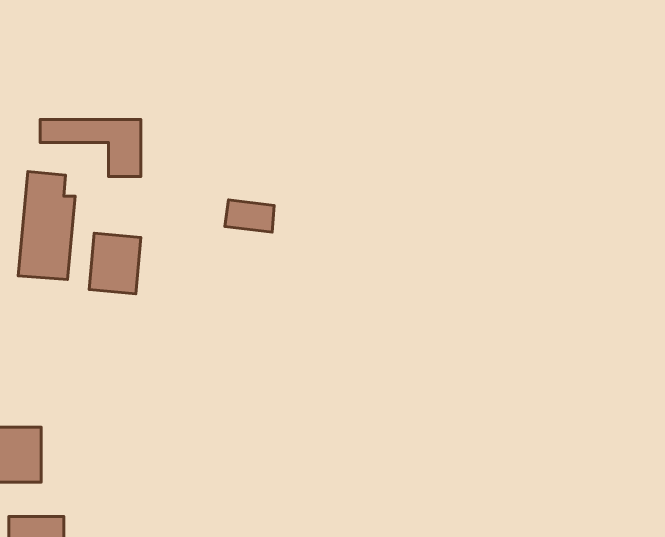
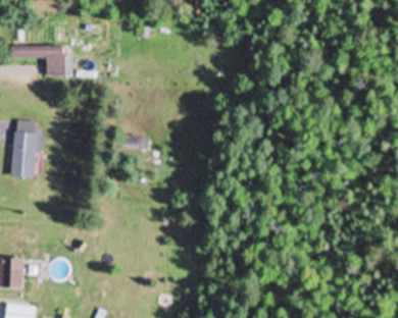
building: [40,120,141,176] -> [10,45,64,75]
building: [89,233,141,294] -> none

